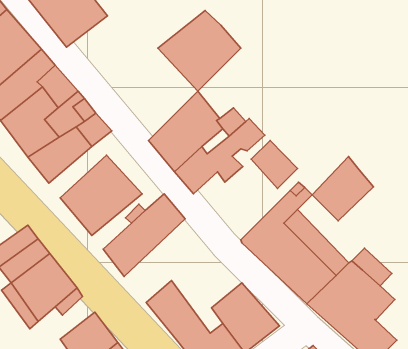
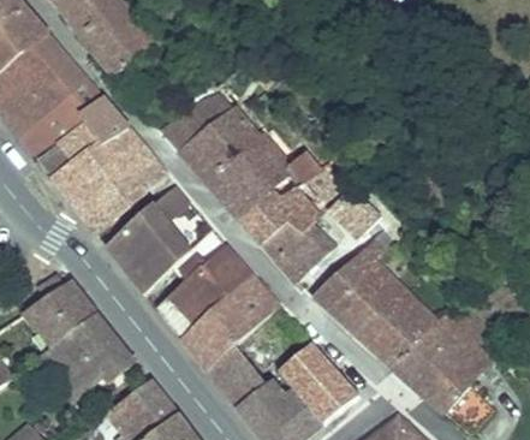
building: [158,11,241,91] -> [162,88,257,180]
building: [312,157,373,221] -> none
building: none -> [260,216,332,278]
building: none -> [180,270,278,367]

